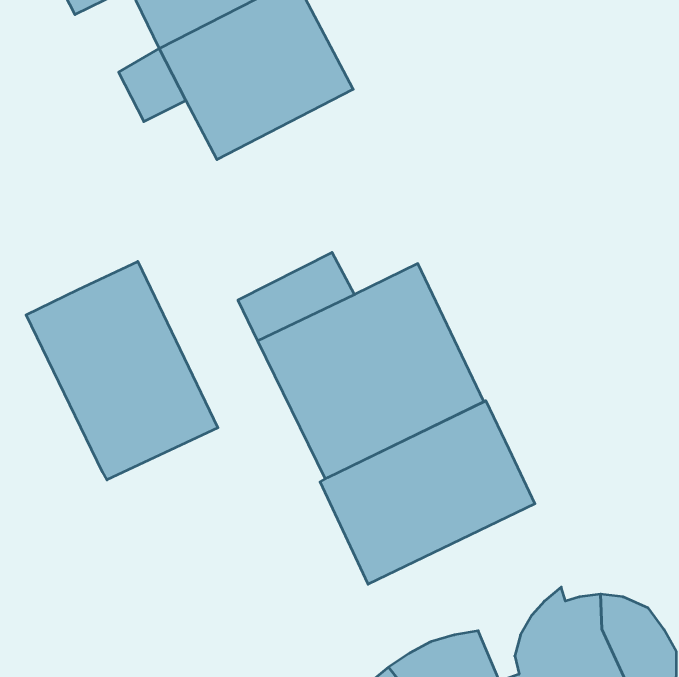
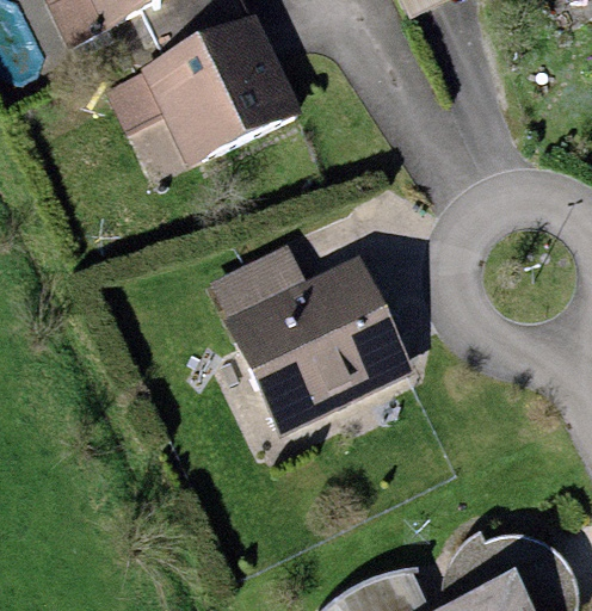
building: [26,261,218,480] -> none
building: [320,401,535,584] -> none

